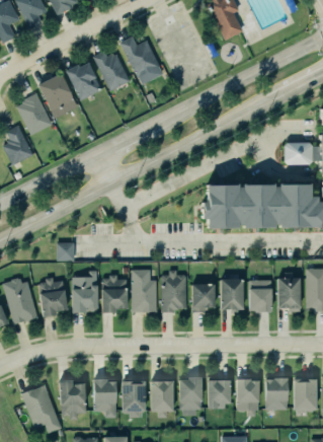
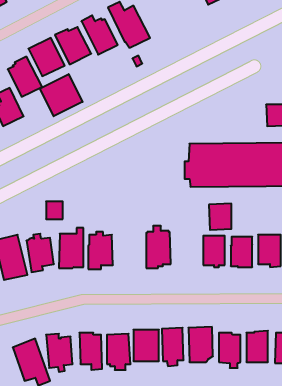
building: none -> [40,74,83,116]
building: [133,270,158,313] -> none
building: [192,284,216,311] -> [209,204,231,230]

